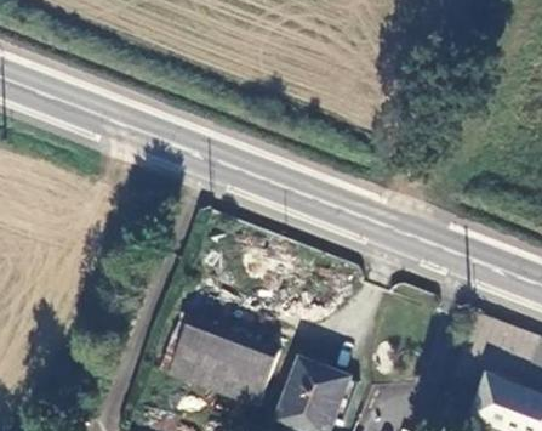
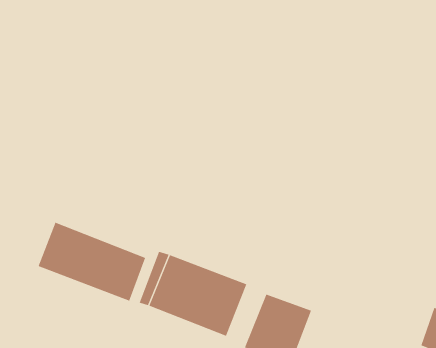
building: none -> [38,222,146,302]

